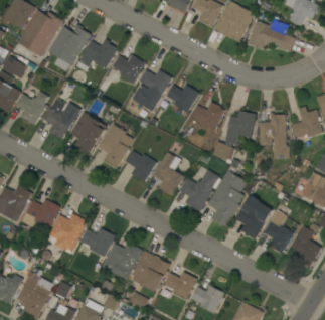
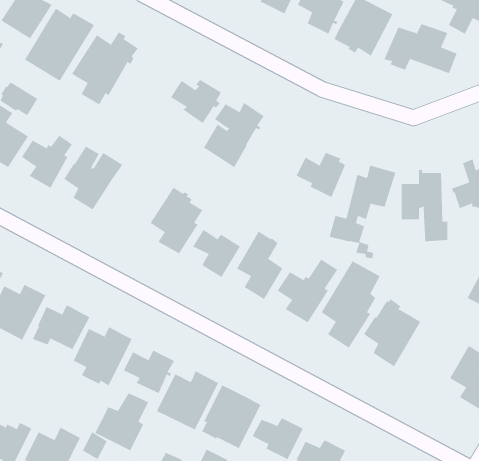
building: [79,39,118,68] -> none
building: [167,85,200,113] -> none
building: [70,112,107,156] -> none
building: [264,210,295,253] -> none
building: none -> [95,393,149,451]

